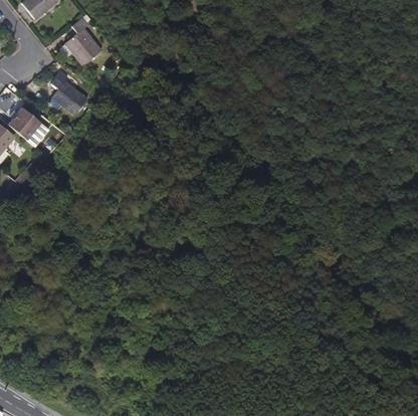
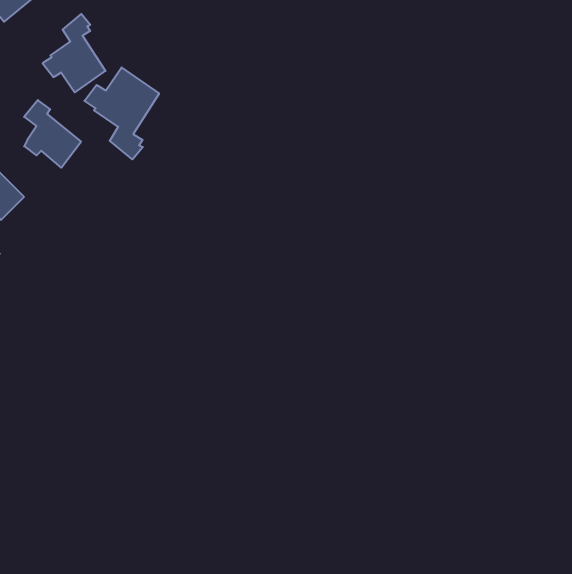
building: none -> [84,67,159,159]

